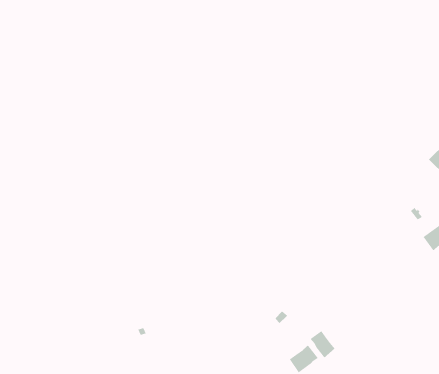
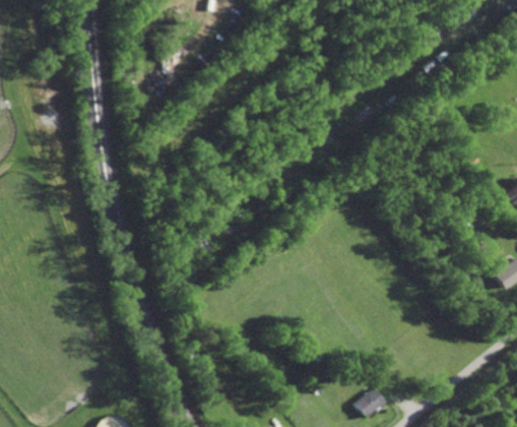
building: [309,330,336,359] -> none

